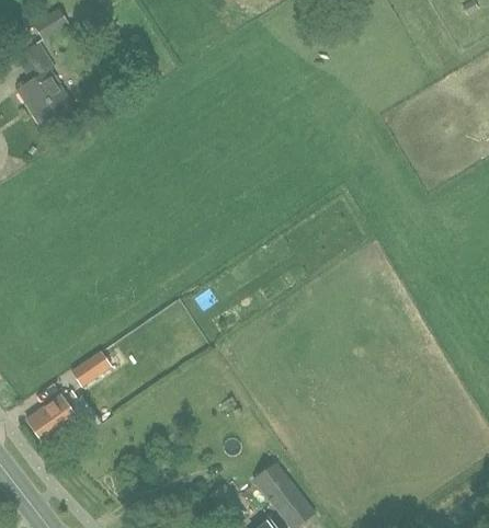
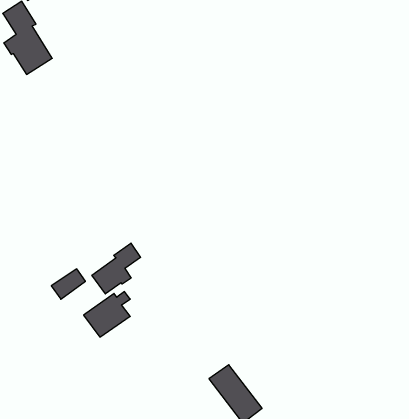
building: none -> [92,243,141,294]
building: [25,391,79,444] -> [84,292,130,337]

